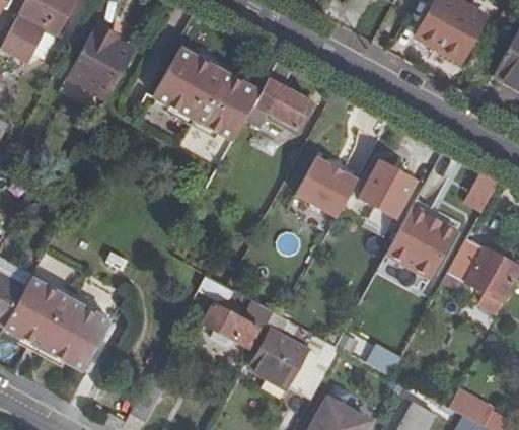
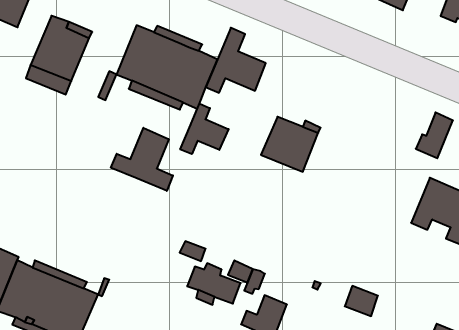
building: none -> [180,104,229,154]
building: none -> [111,128,173,191]
building: [359,161,414,216] -> none
building: [385,206,456,279] -> none

